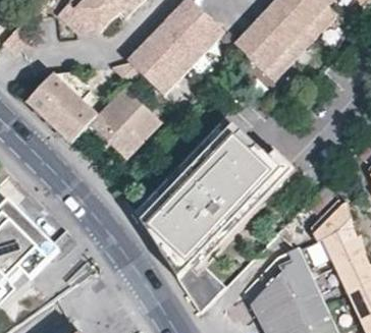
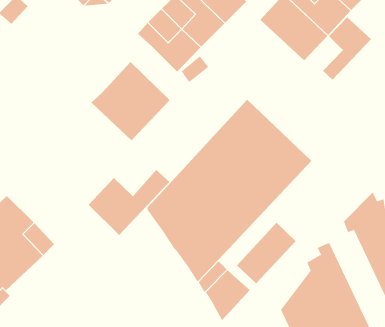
building: none -> [322,17,372,81]
building: [25,69,94,138] -> none
building: none -> [88,169,170,236]
building: none -> [236,222,297,284]

